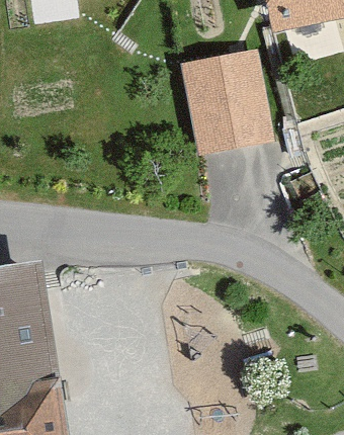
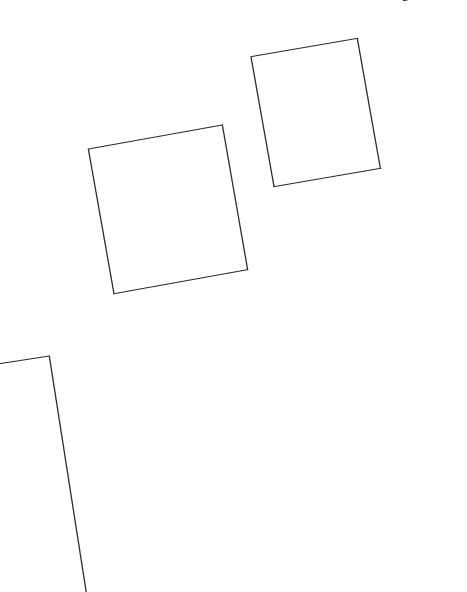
building: none -> [89,125,248,294]

